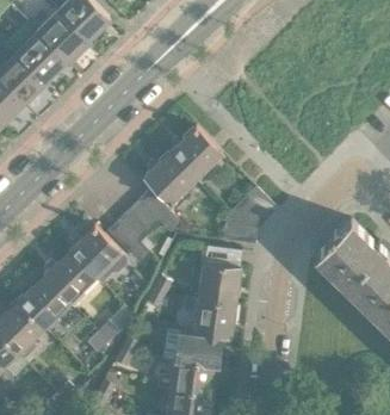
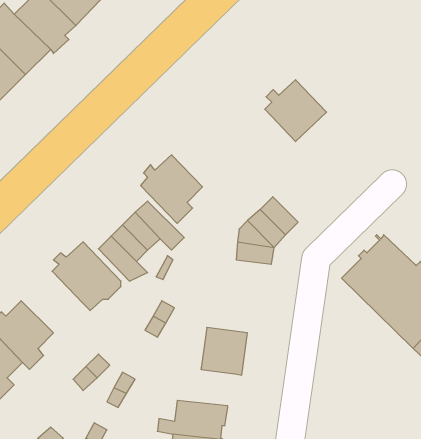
building: [167,129,219,181] -> [265,80,327,142]
building: [197,249,239,305] -> none
building: [39,253,92,311] -> none
building: [160,332,221,368] -> none

